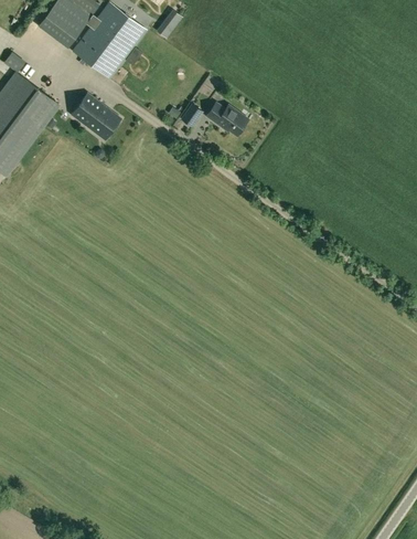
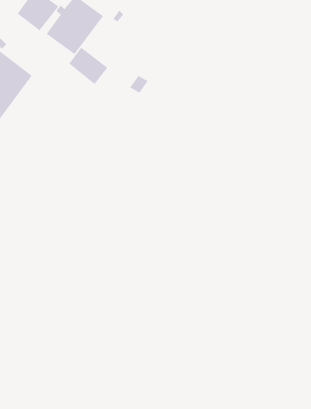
building: [71,92,120,139] -> [68,47,108,85]
building: [205,102,247,134] -> none

